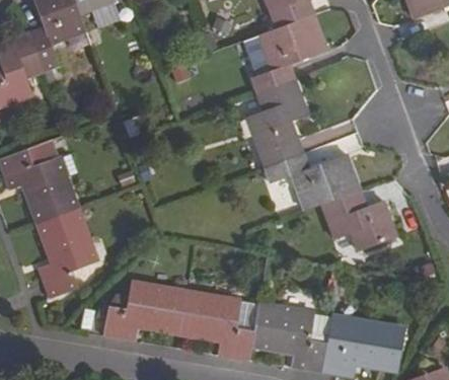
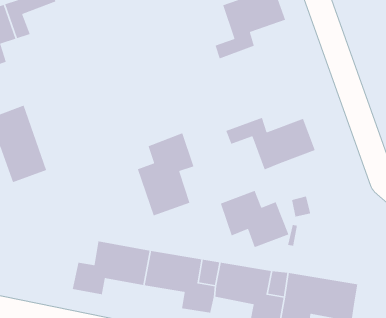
building: [246,77,307,166] -> [137,132,194,217]
building: [322,187,396,249] -> [220,190,290,248]
building: [38,209,95,298] -> none

